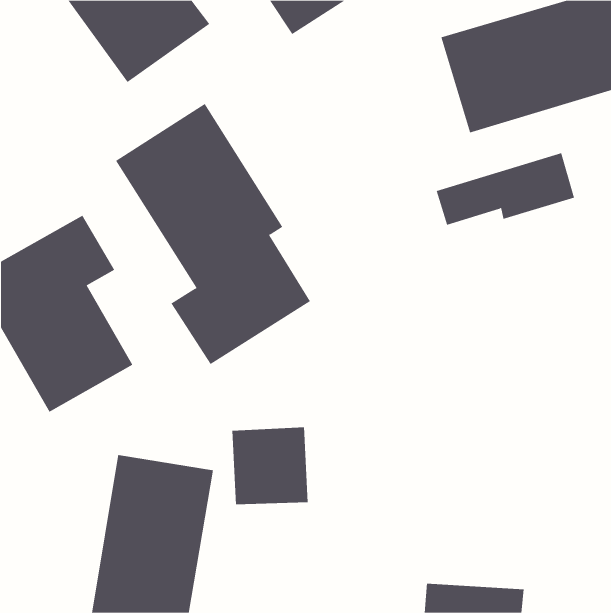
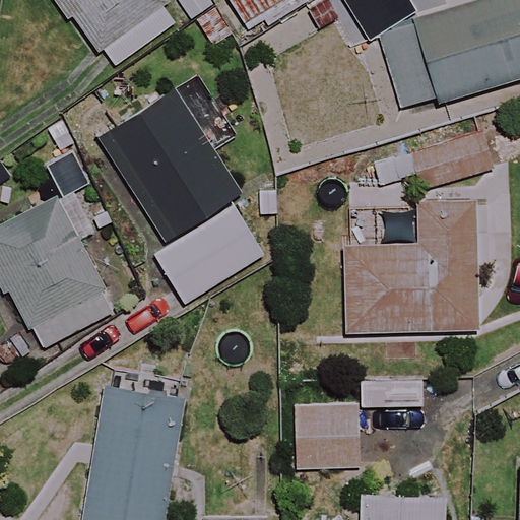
building: none -> [344,204,476,331]
building: [232,427,308,505] -> [295,402,360,468]

